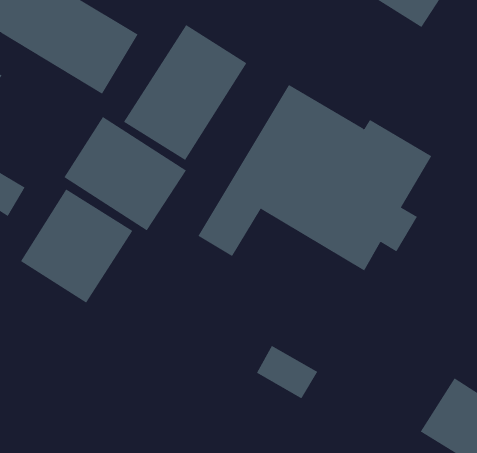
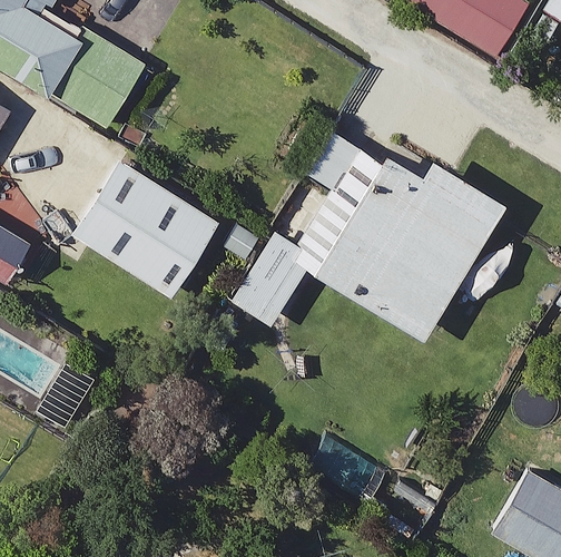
building: [123,24,247,161] -> none
building: [20,188,133,304] -> none

